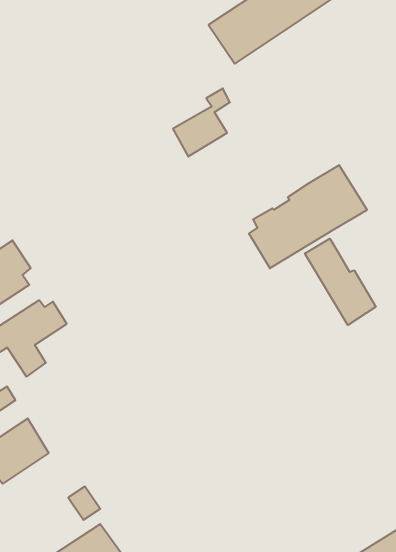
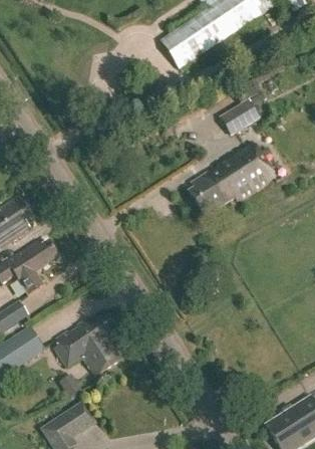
building: [173,88,230,157] -> [220,86,261,136]
building: [305,239,376,325] -> none
building: none -> [56,316,119,375]

